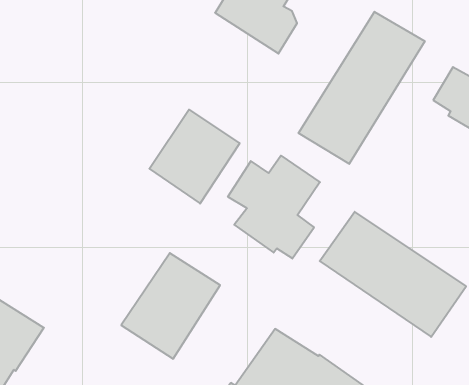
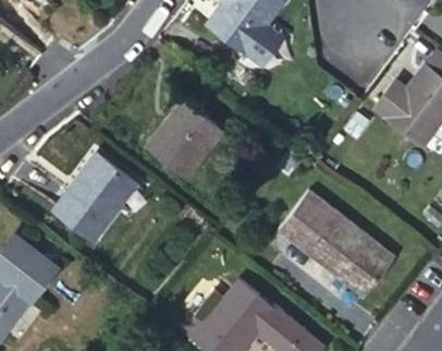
building: [299,12,425,164] -> none
building: [228,156,320,259] -> none
building: [121,253,220,359] -> [53,155,134,239]

